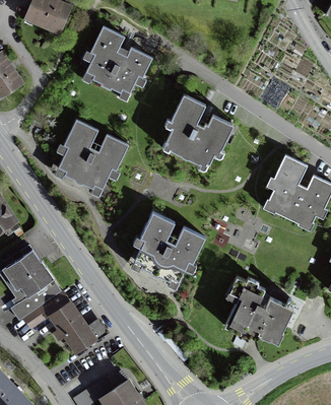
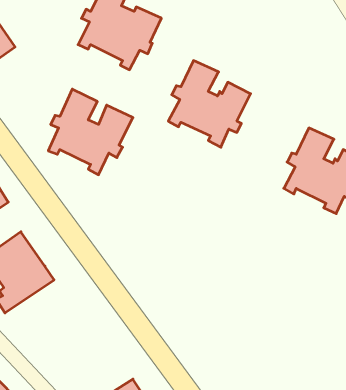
building: [132,214,205,288] -> none
building: [224,278,294,342] -> none
building: [20,288,96,354] -> none

